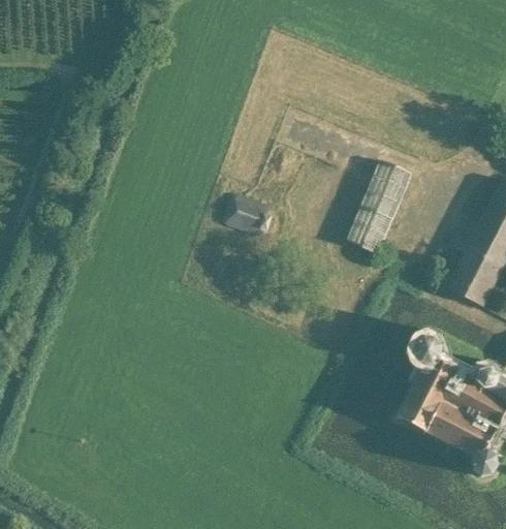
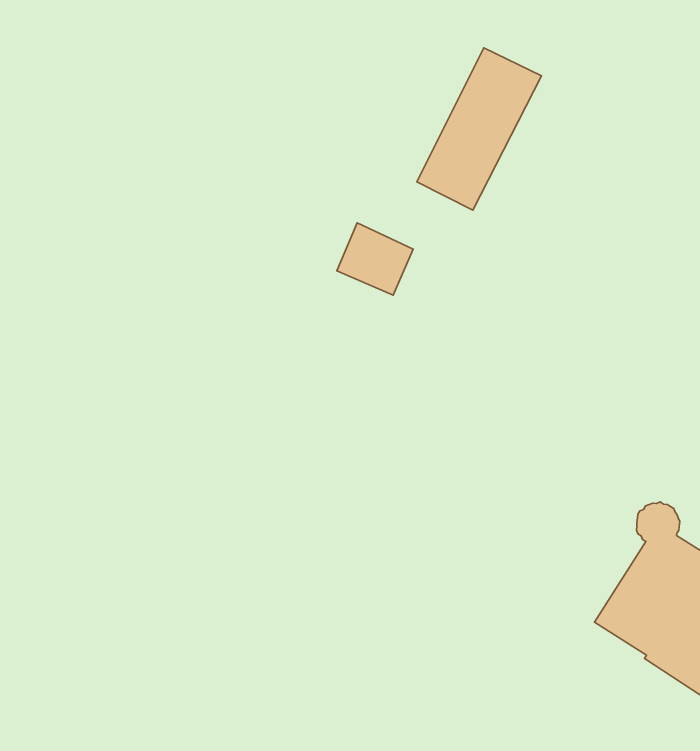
building: [346,160,413,255] -> [417,48,542,210]

